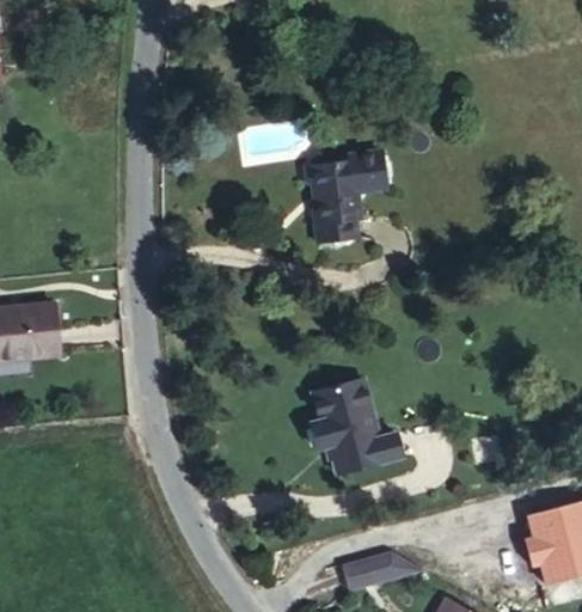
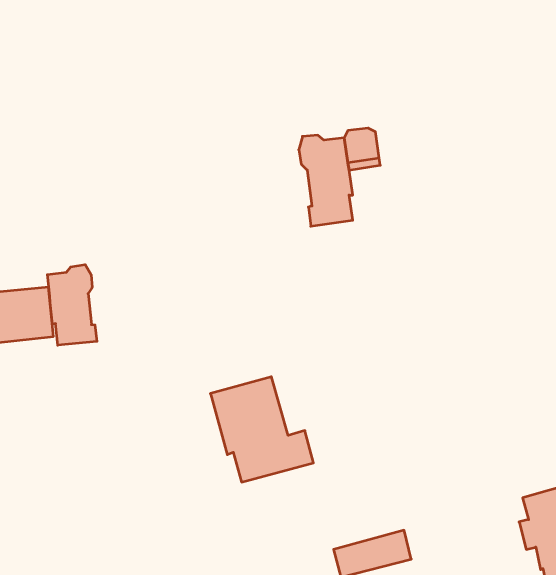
building: none -> [47,265,97,345]
building: [305,377,408,482] -> [210,377,313,482]

